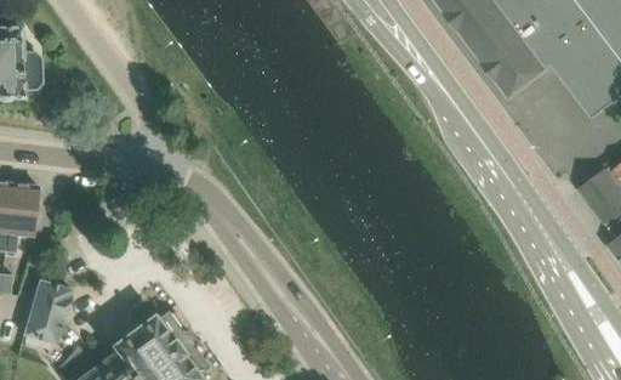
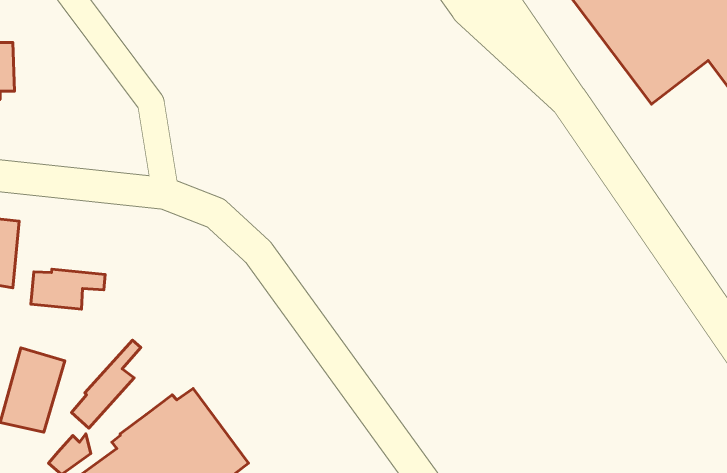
building: none -> [31,269,105,309]
building: none -> [71,340,141,428]

